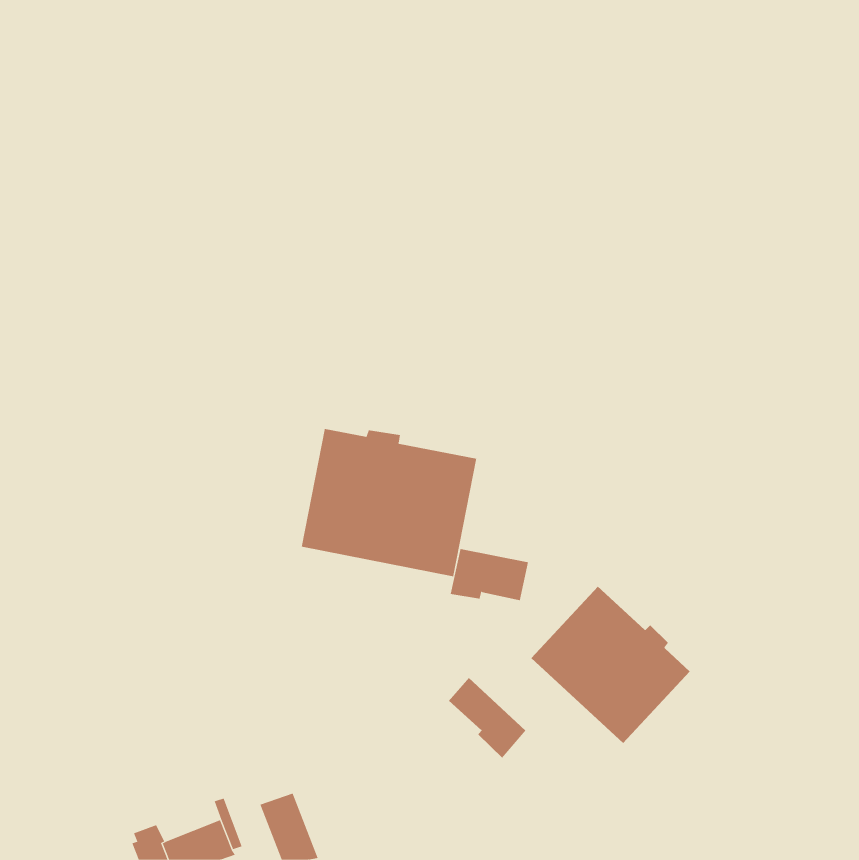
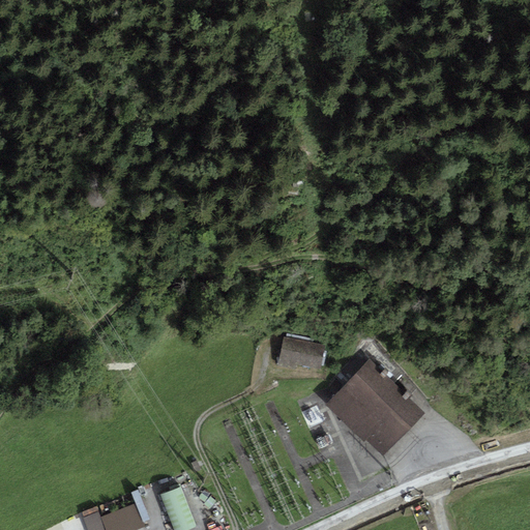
building: [301,428,477,577] -> none
building: [448,677,526,758] -> none

